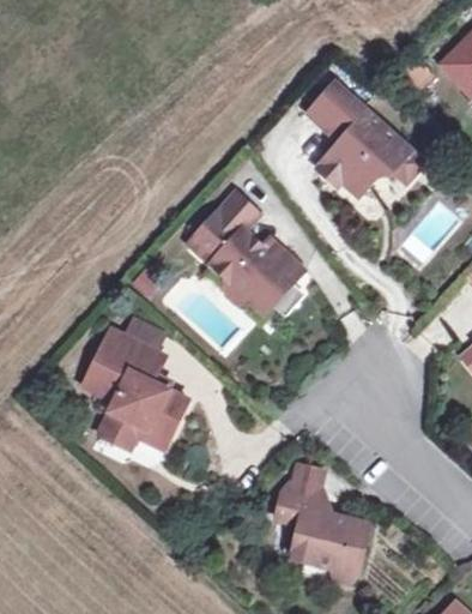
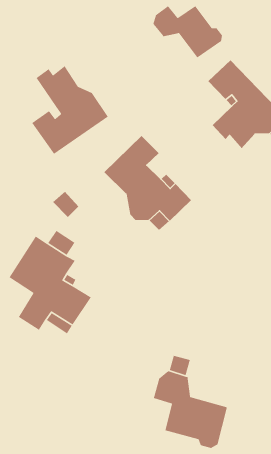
building: none -> [153,5,223,59]
building: none -> [31,65,109,155]

